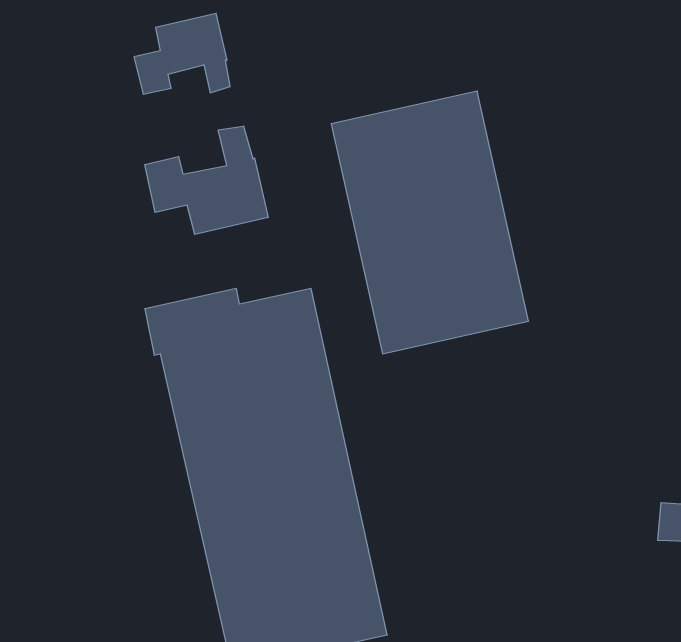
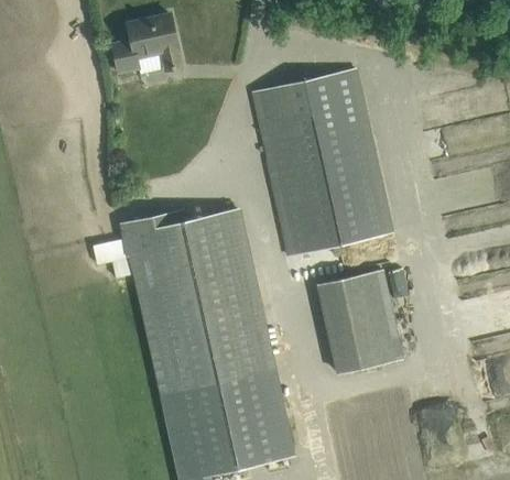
building: [145,126,268,234] -> none
building: none -> [318,270,402,372]

